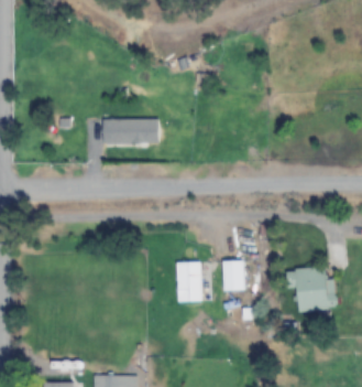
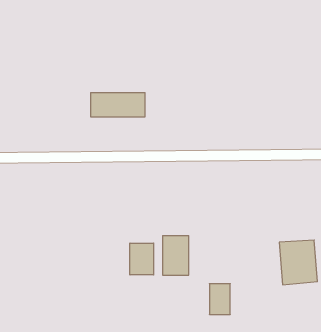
building: [223,260,244,291] -> [209,284,230,314]
building: none -> [130,243,154,275]

